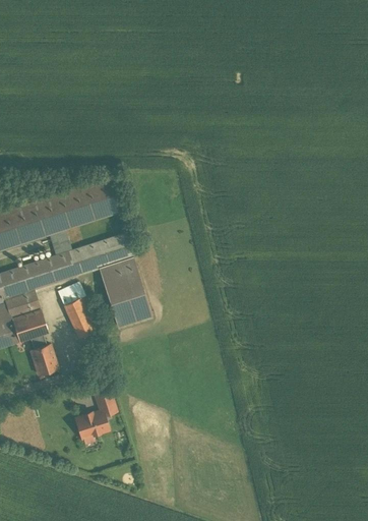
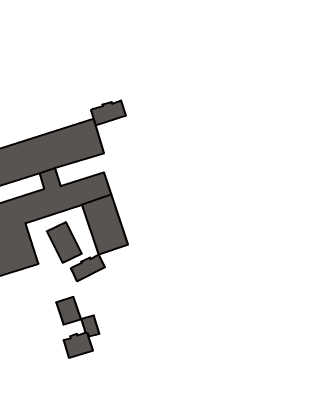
building: none -> [91,100,126,125]
building: none -> [71,255,105,281]
building: [32,344,59,374] -> [56,297,81,325]

